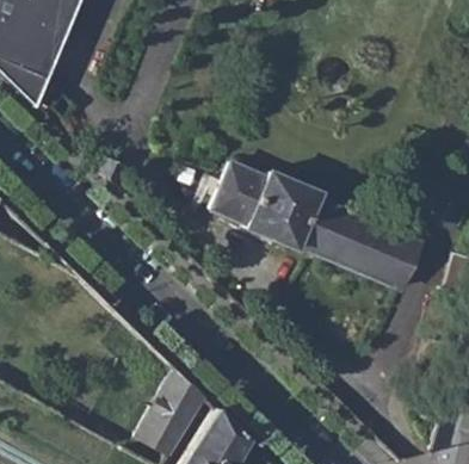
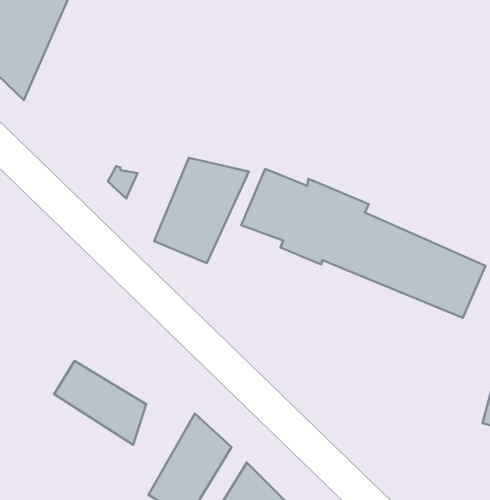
building: none -> [154,158,249,263]
building: none -> [54,361,146,445]

